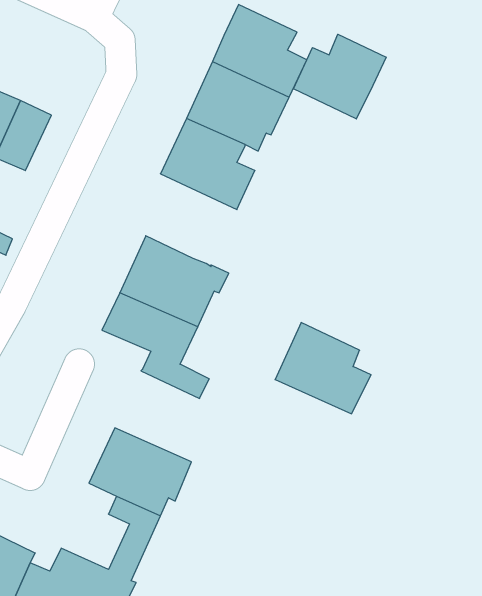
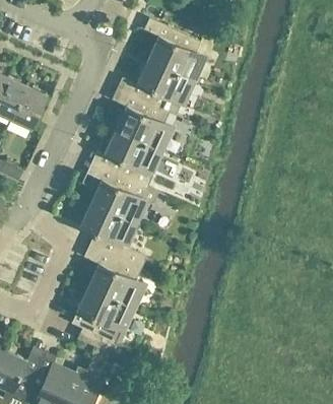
building: [293,34,386,119] -> none
building: none -> [98,129,162,187]
building: [275,323,371,414] -> [86,252,146,309]

